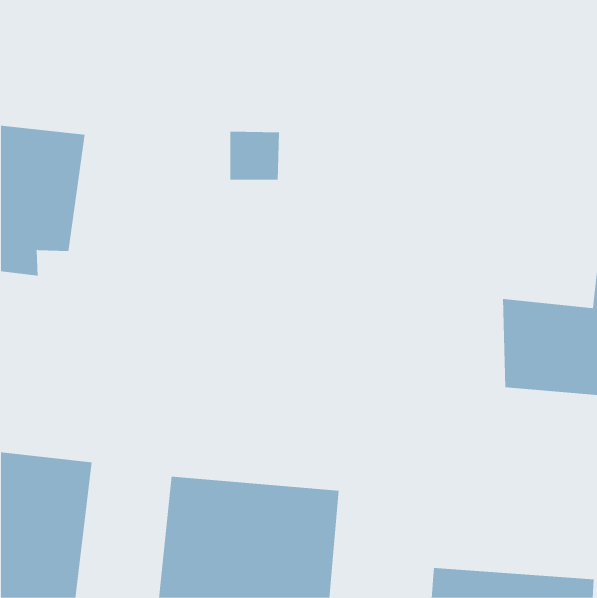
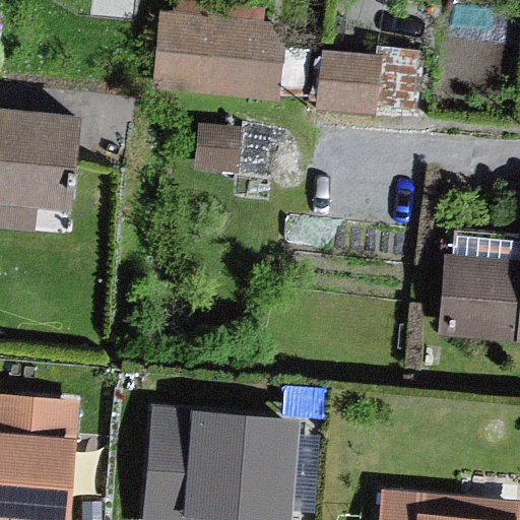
building: none -> [155,12,283,102]
building: none -> [316,36,422,100]

